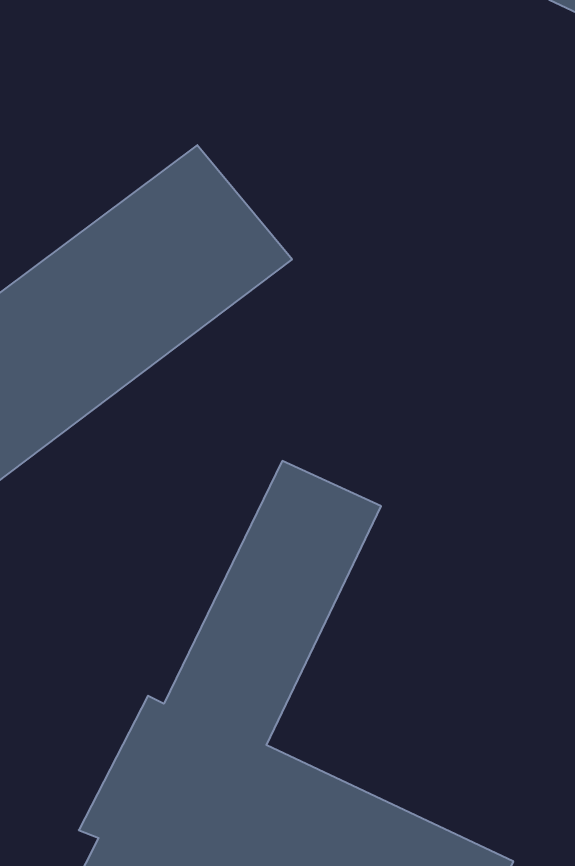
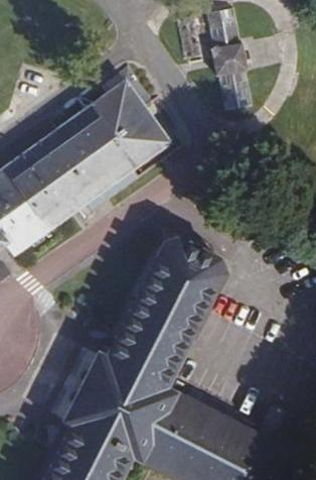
building: none -> [207,9,250,110]

